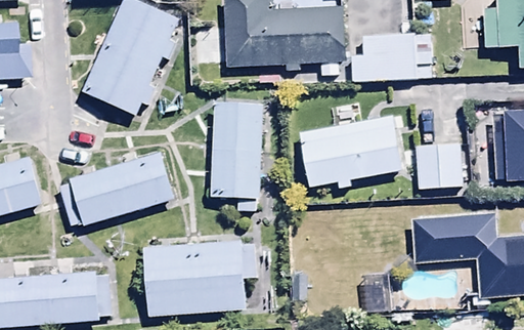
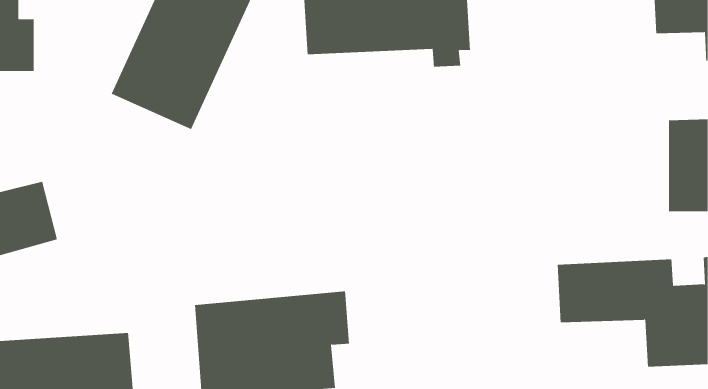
building: [349,30,432,82] -> none
building: [211,101,263,212] -> none
building: [298,115,404,189] -> none
building: [416,140,468,196] -> none
building: [58,153,172,225] -> none

